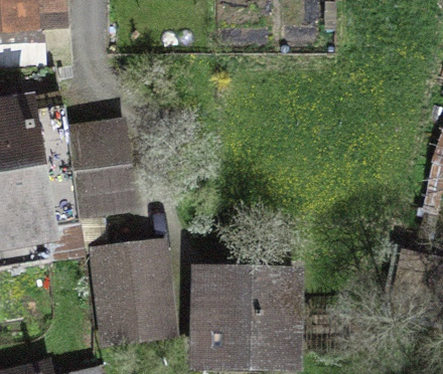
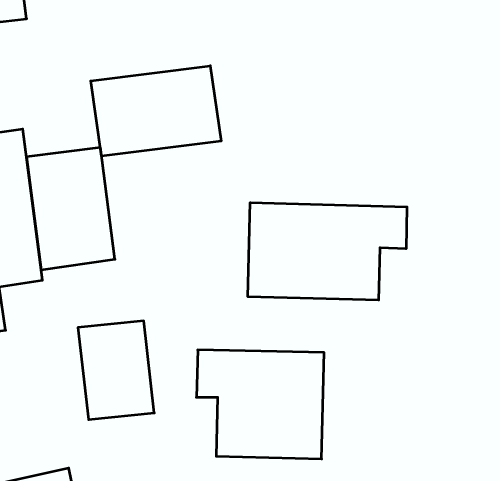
building: none -> [91,66,221,156]
building: none -> [248,203,407,300]

